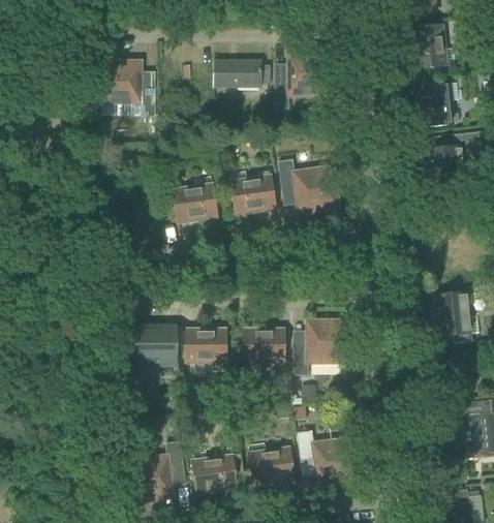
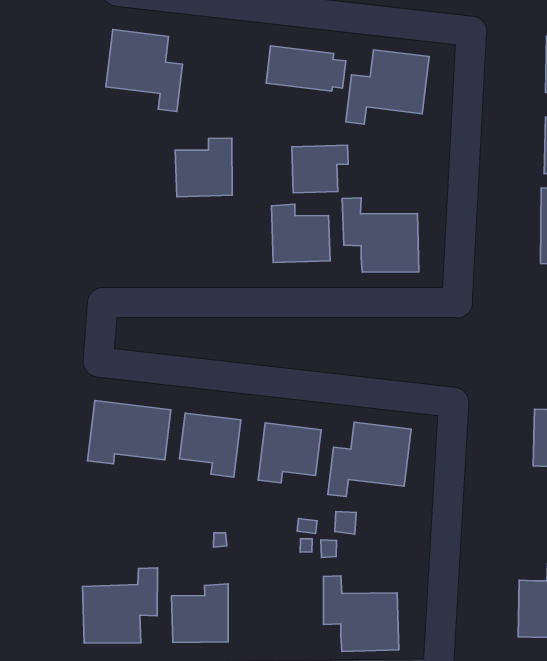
building: none -> [292,145,348,193]
building: [173,176,217,222] -> [175,138,232,197]
building: [249,442,295,485] -> none

